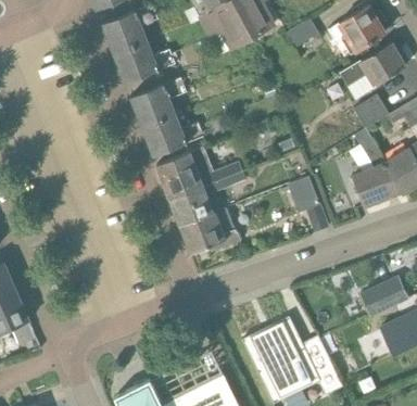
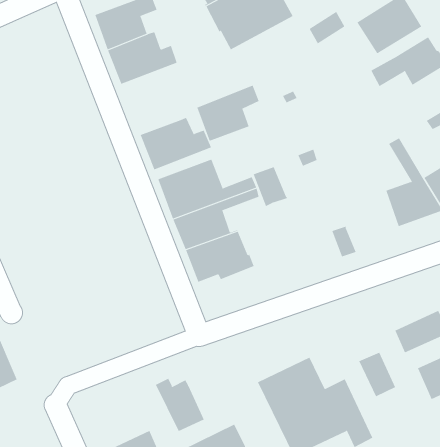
building: [130,78,185,127] -> [197,85,260,142]
building: [353,94,389,128] -> none
building: [289,178,319,213] -> [253,166,288,207]
building: none -> [359,352,396,397]
building: none -> [155,378,205,432]

